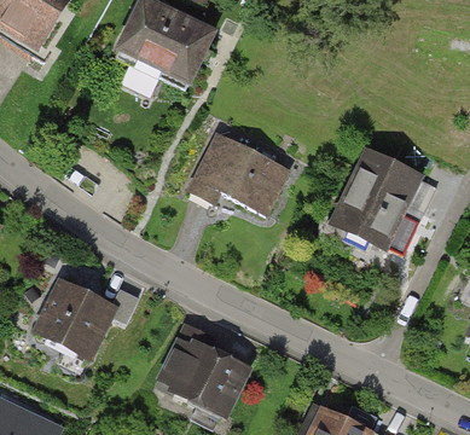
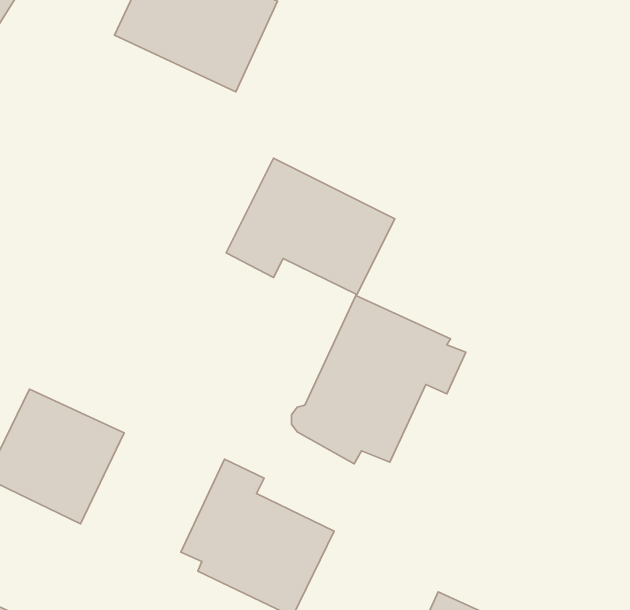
building: [324,146,435,254] -> [292,295,466,464]

